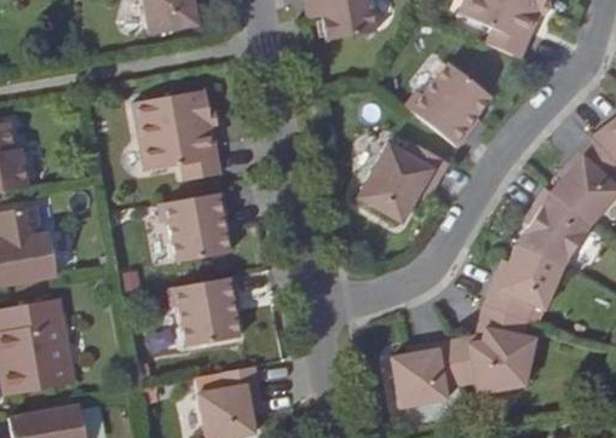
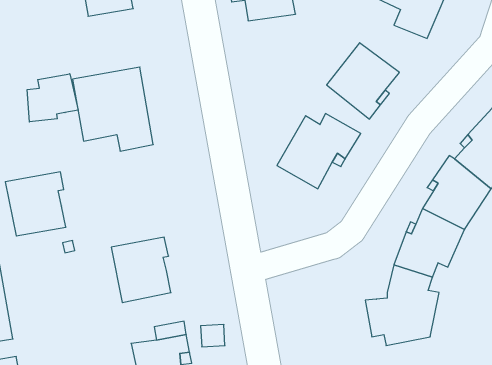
building: none -> [27,74,78,122]
building: [165,191,231,261] -> [5,172,66,236]
building: [391,338,461,405] -> none

